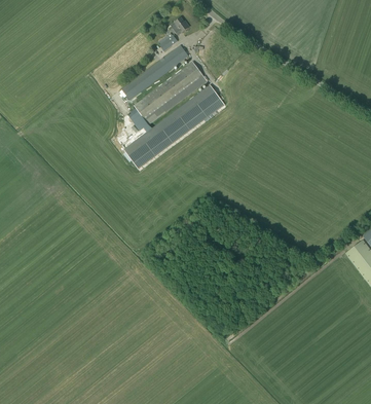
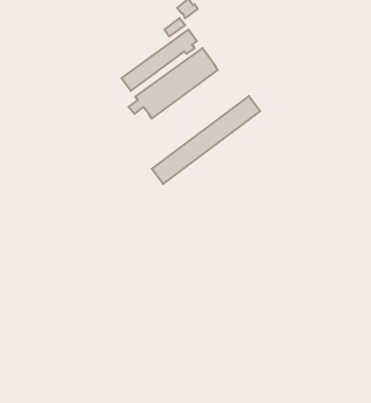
building: [125,84,222,162] -> [152,96,260,184]

